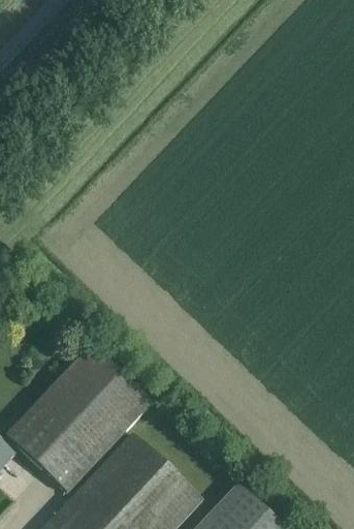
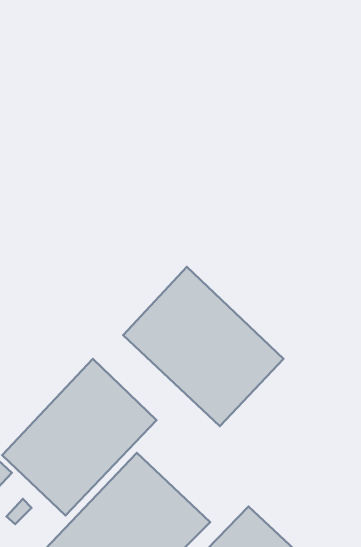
building: none -> [123,267,283,426]

